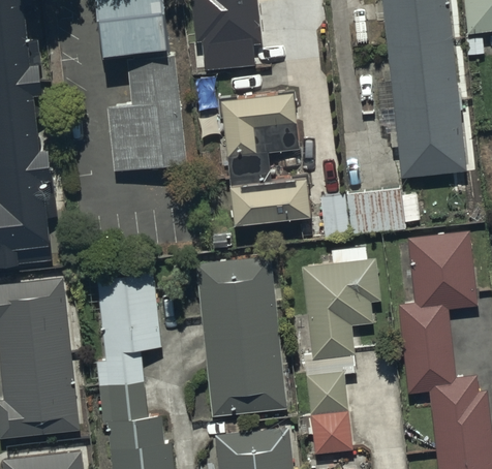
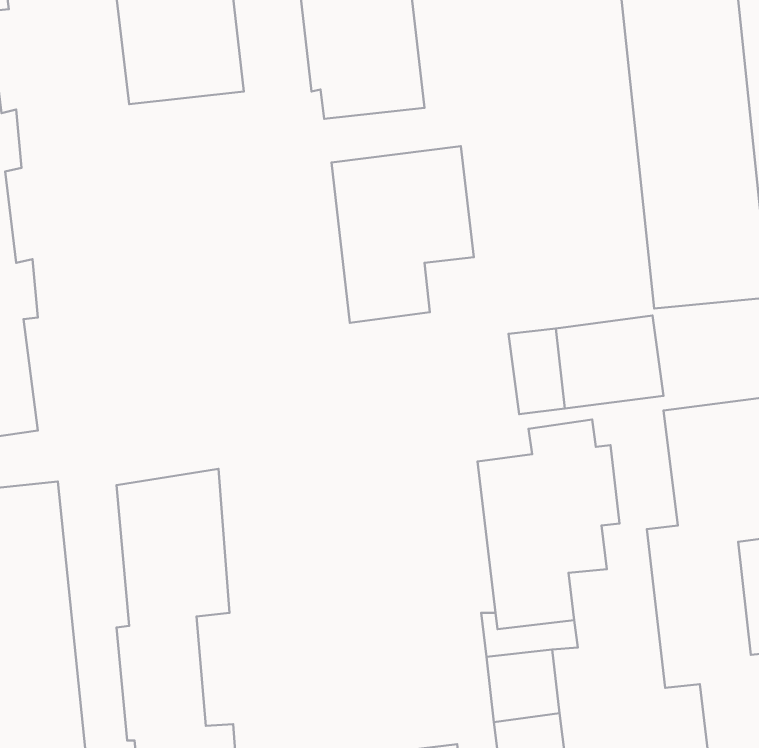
building: [105,59,187,176] -> none
building: [228,177,310,229] -> none
building: [195,254,288,416] -> none

